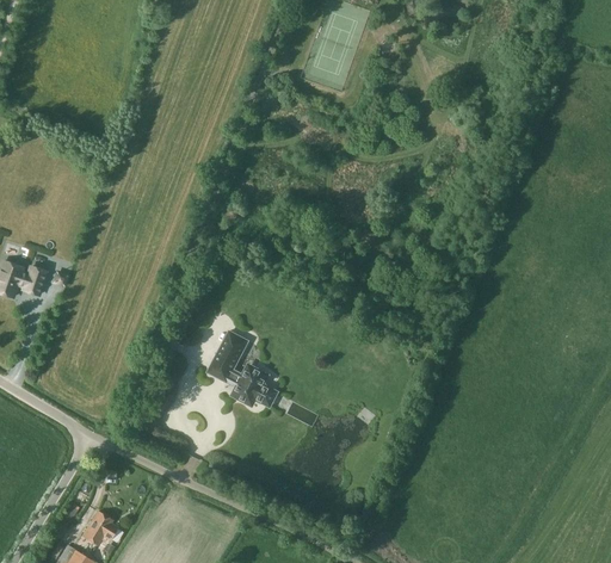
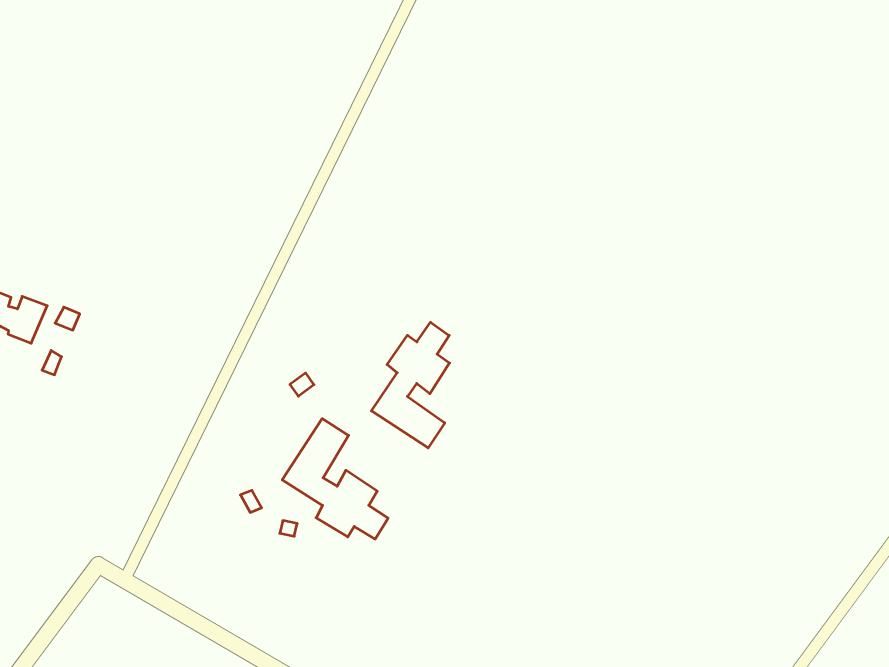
building: none -> [371,322,450,448]

